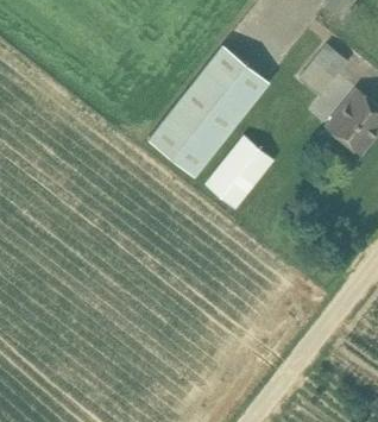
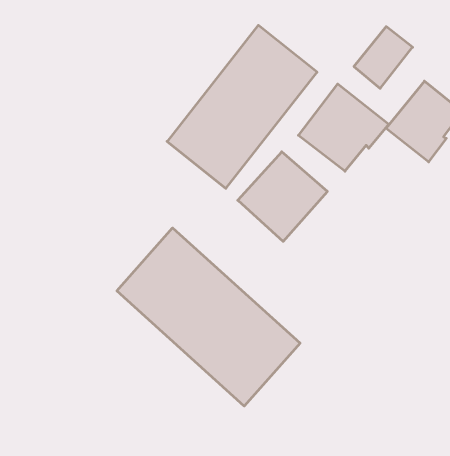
building: none -> [298,84,389,171]
building: none -> [117,228,300,406]

